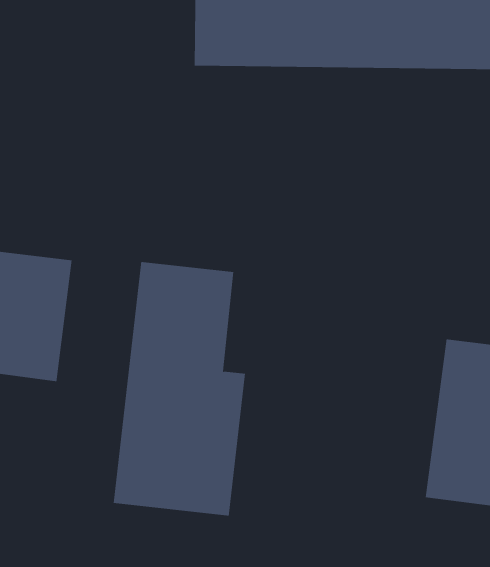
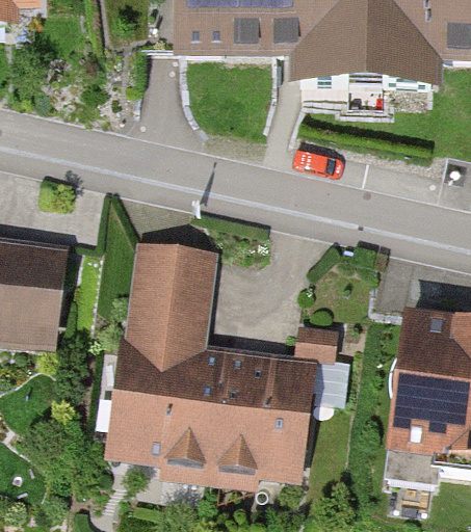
building: none -> [211,324,318,482]

